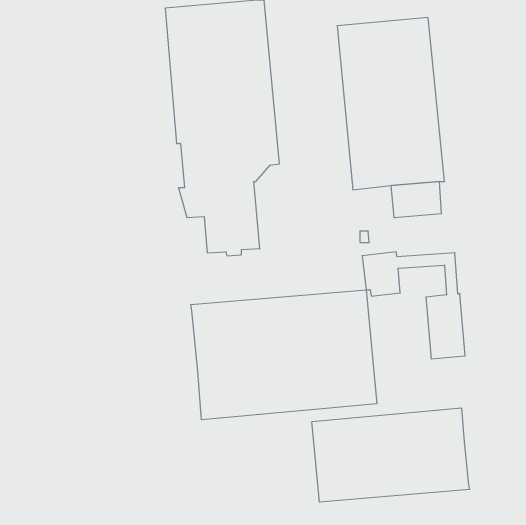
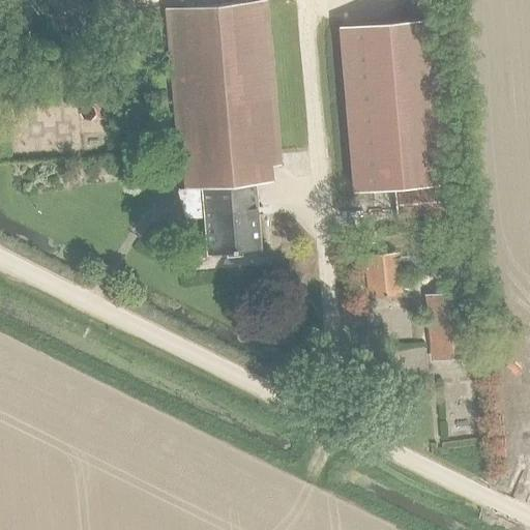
building: [191,290,377,420] -> none
building: [312,408,469,502] -> none

